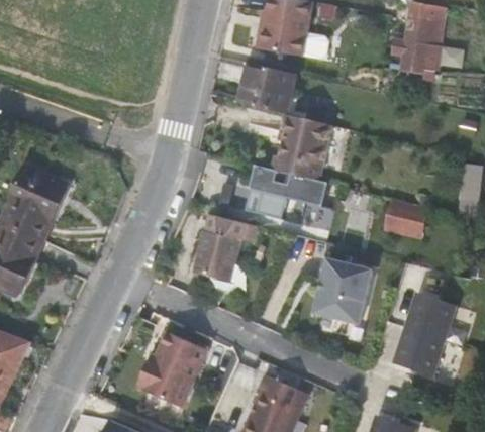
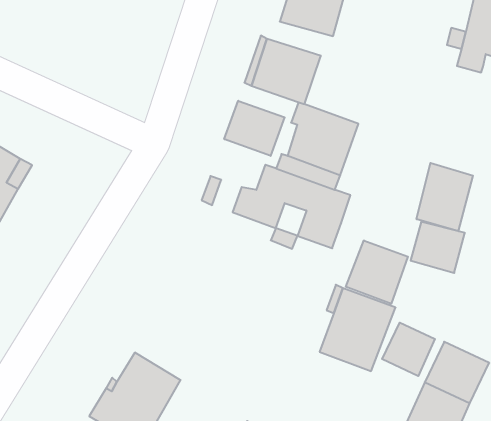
building: none -> [224,101,285,156]
building: none -> [417,163,473,231]
building: none -> [346,240,408,304]
building: [194,228,240,279] -> none
building: none -> [382,323,435,376]

